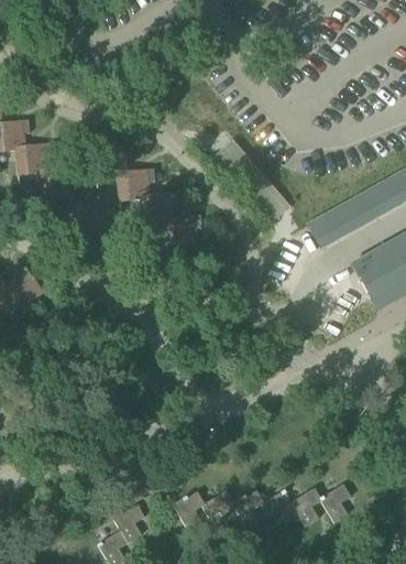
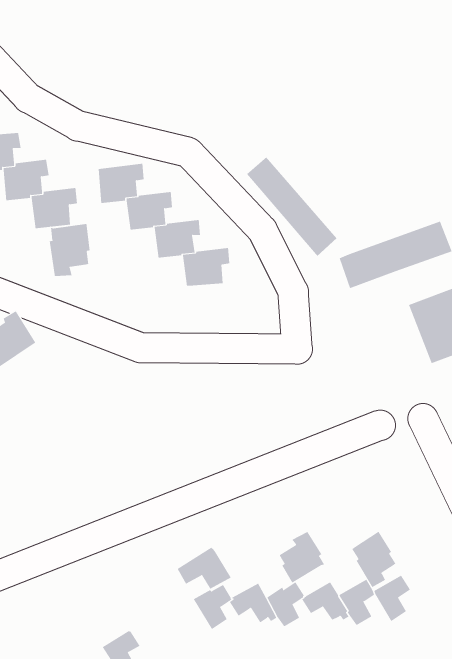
building: none -> [49,223,90,277]
building: none -> [352,531,396,588]
building: none -> [279,531,325,583]
building: none -> [177,547,231,590]
building: [113,503,145,542] -> none

